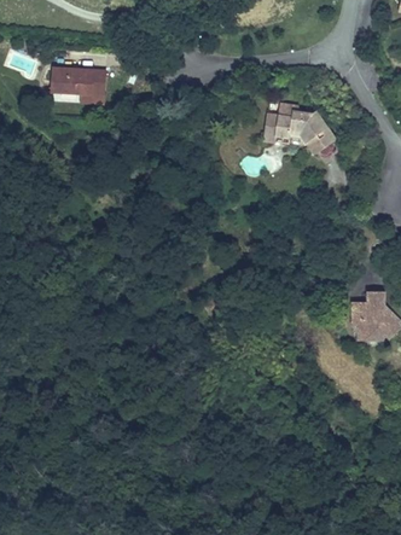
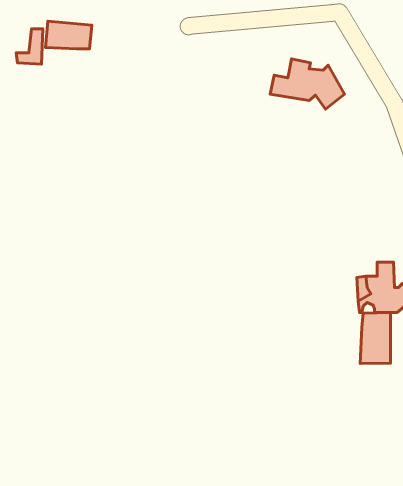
building: [77,65,103,99] -> [16,29,43,64]
building: none -> [360,313,390,363]

